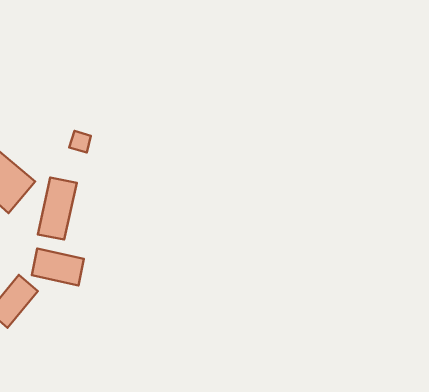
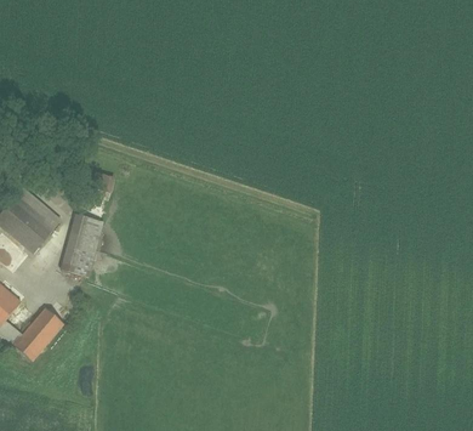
building: [32,248,84,286] -> none

